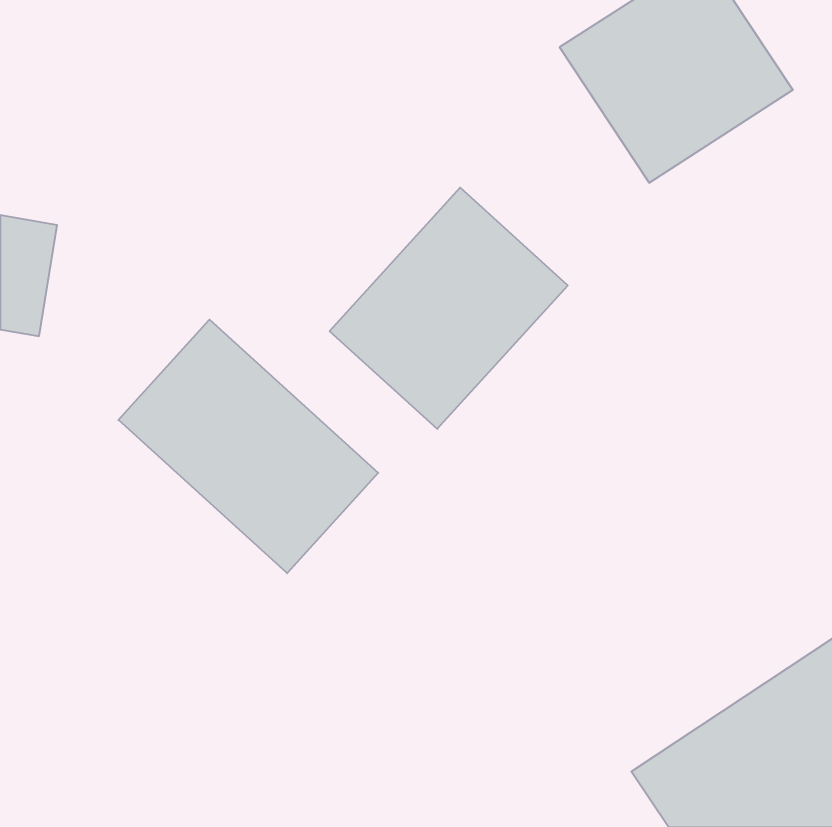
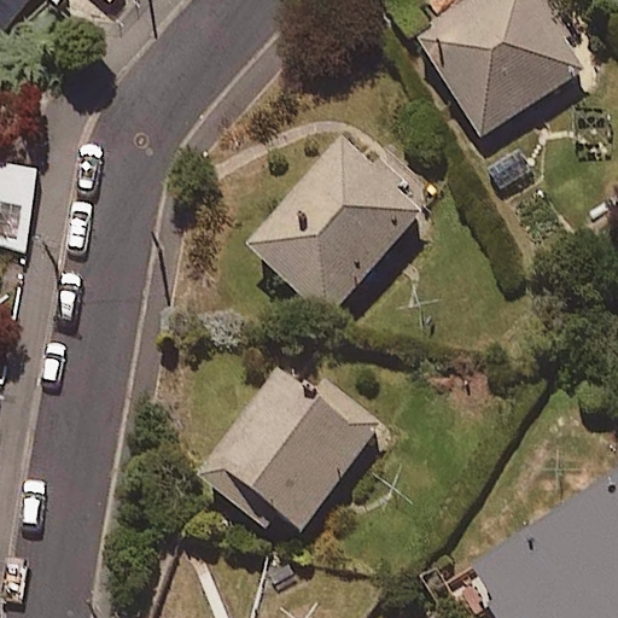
building: [118,320,378,573] -> none
building: none -> [197,371,381,537]

